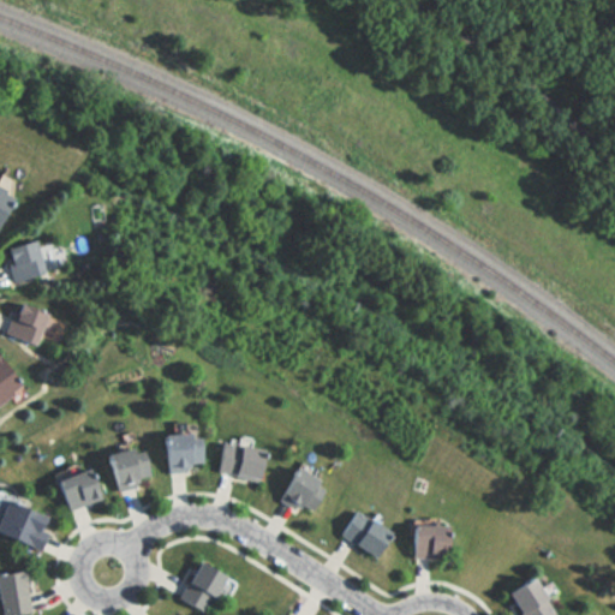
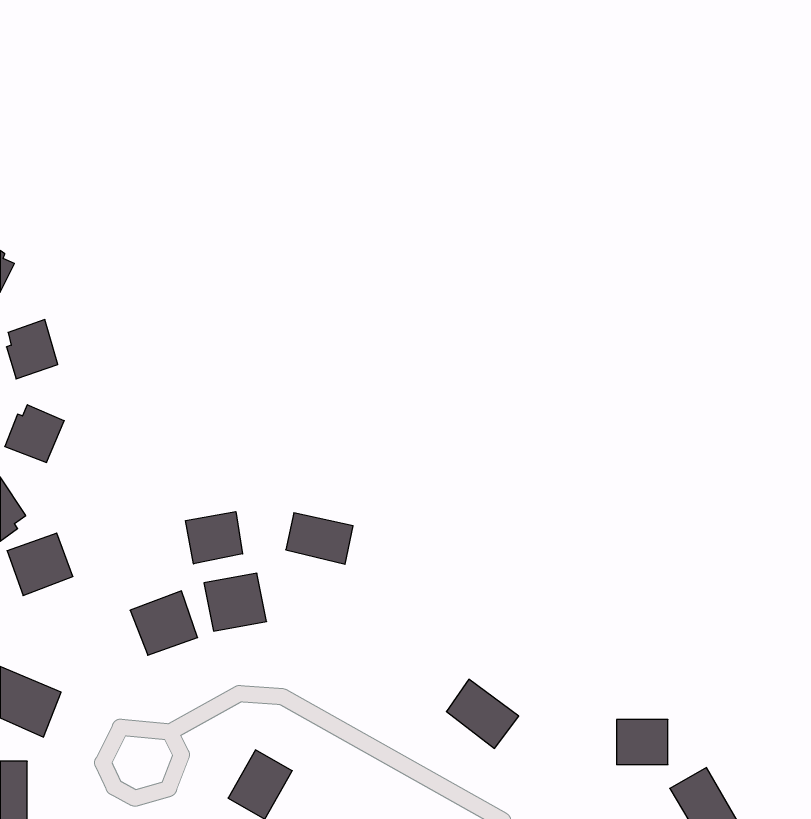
building: none -> [186,512,243,564]
building: [216,443,267,482] -> [286,513,353,564]
building: [55,466,105,513] -> [7,533,73,596]
building: [277,467,329,518] -> none
building: [414,526,453,560] -> [617,720,668,765]

